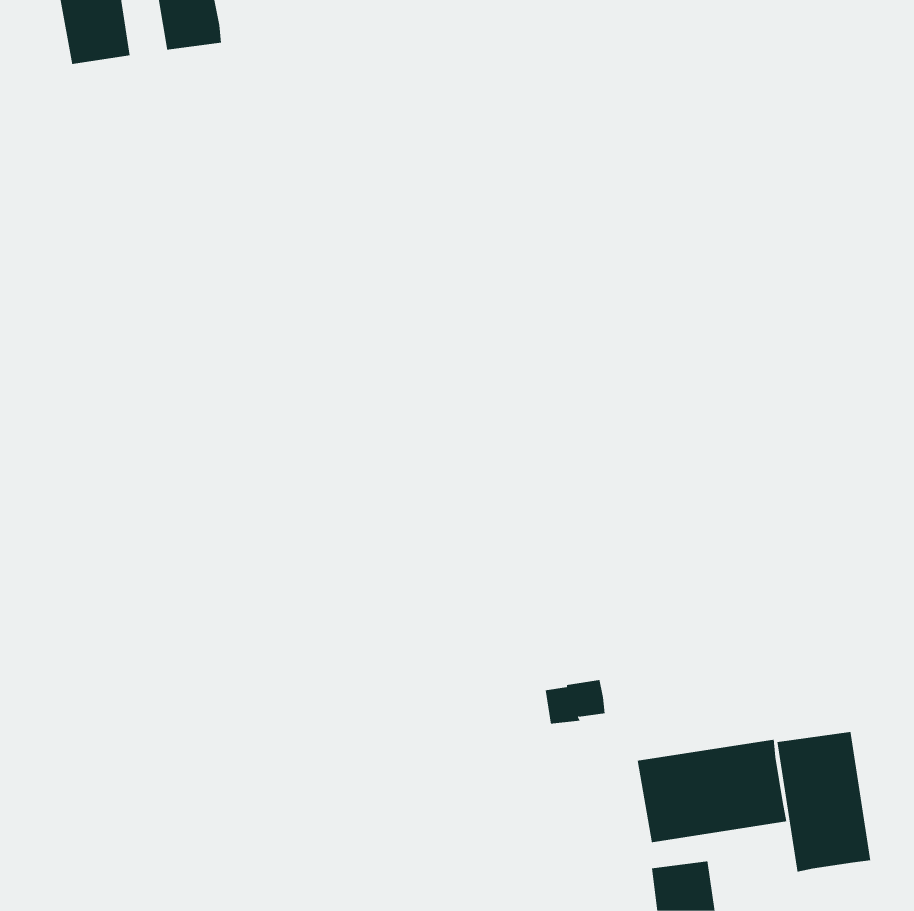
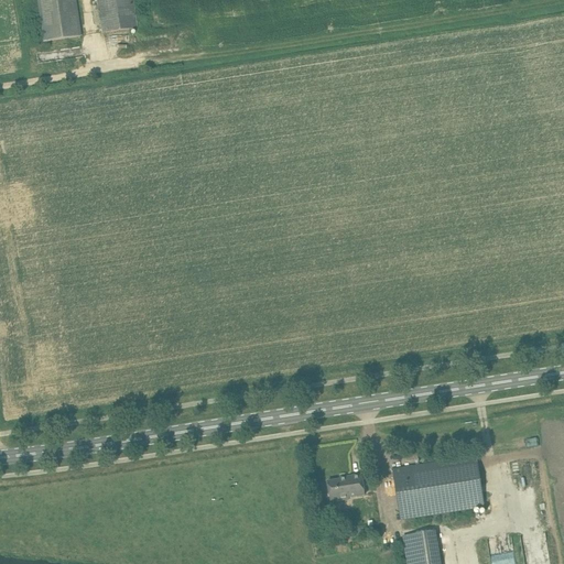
building: [545,680,606,724] -> [327,473,365,500]
building: [777,731,871,873] -> none

